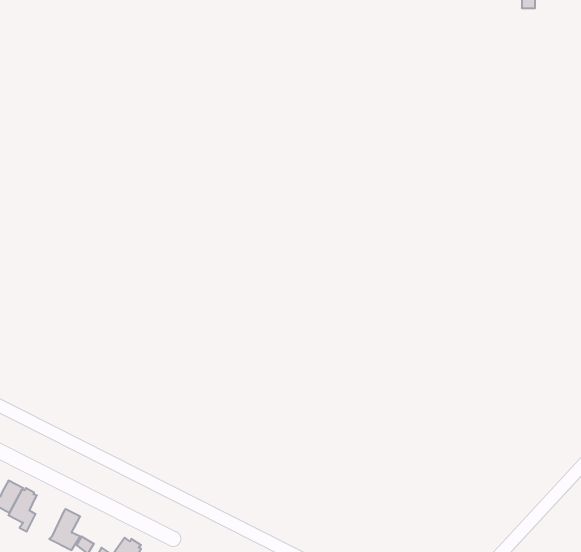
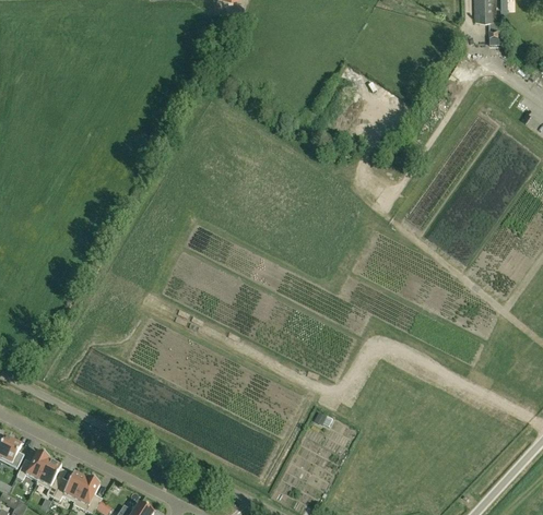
building: none -> [52,470,85,500]

